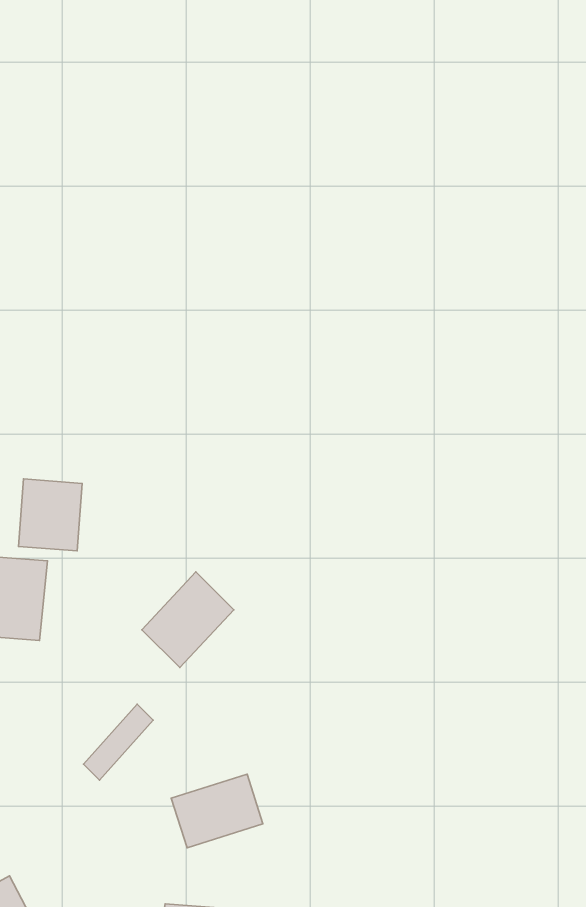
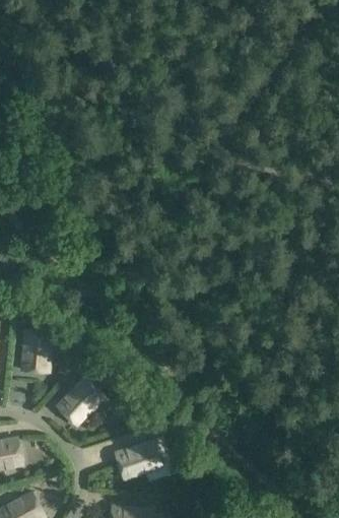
building: [19,479,82,551] -> none
building: [142,572,234,668] -> [57,376,104,425]

